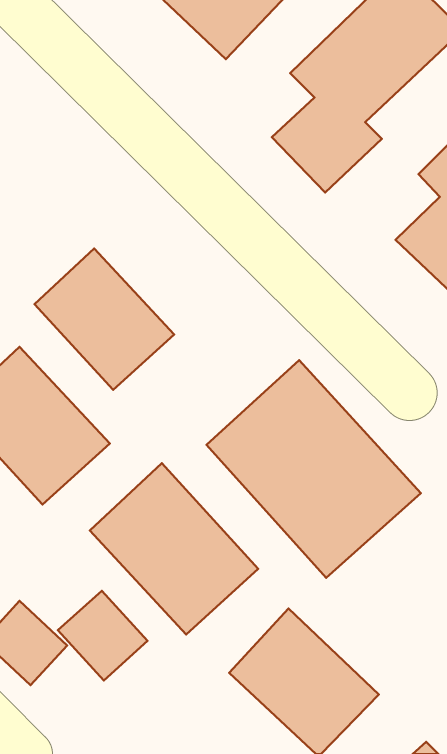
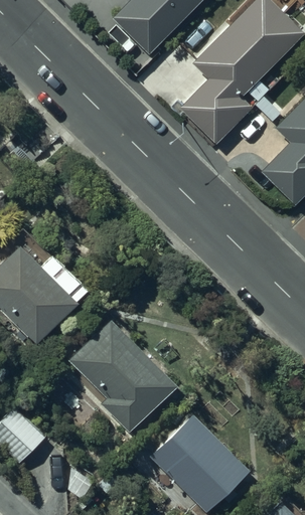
building: [34,249,174,390] -> none
building: [206,360,421,578] -> none
building: [58,591,148,680] -> none

